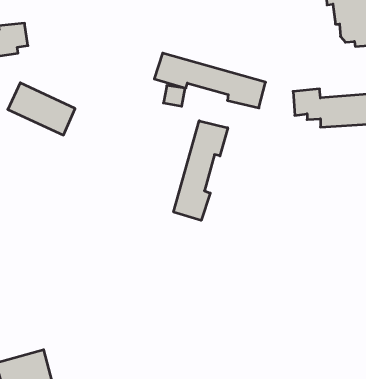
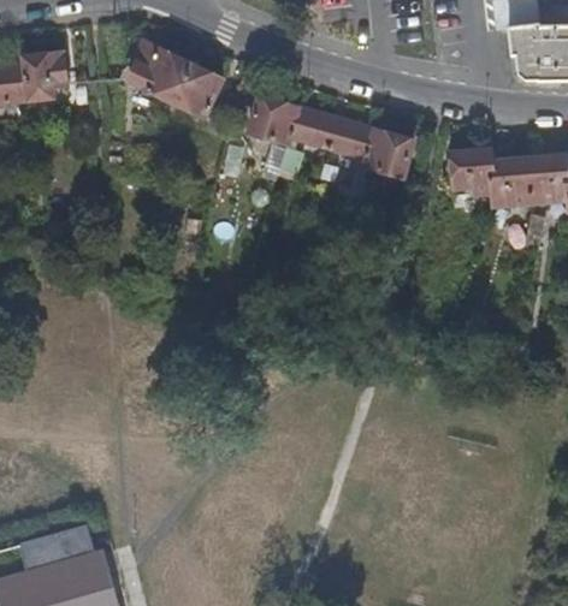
building: [8,83,75,135] -> [124,40,221,115]
building: [174,121,228,220] -> none

